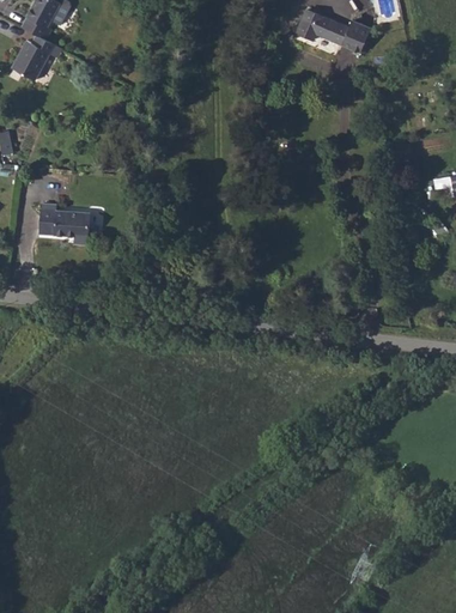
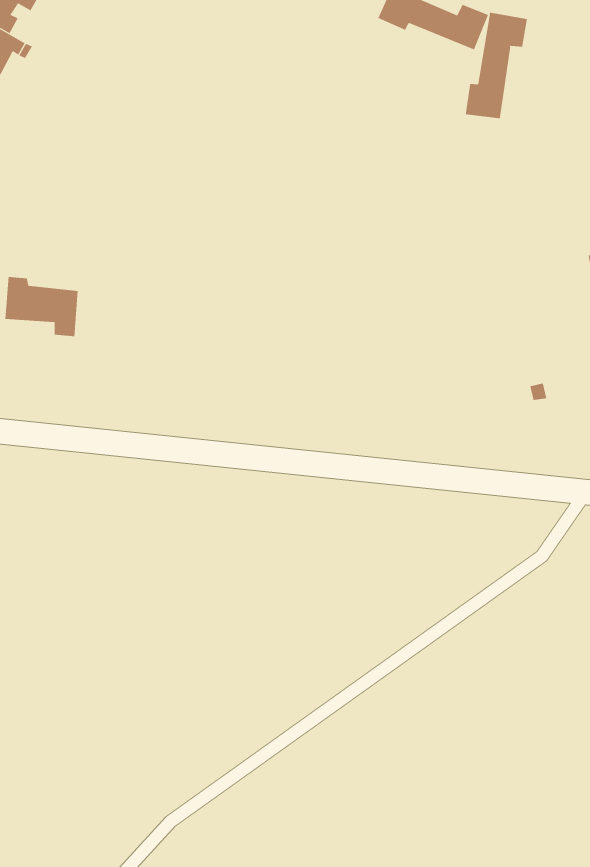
building: none -> [465,12,528,119]

